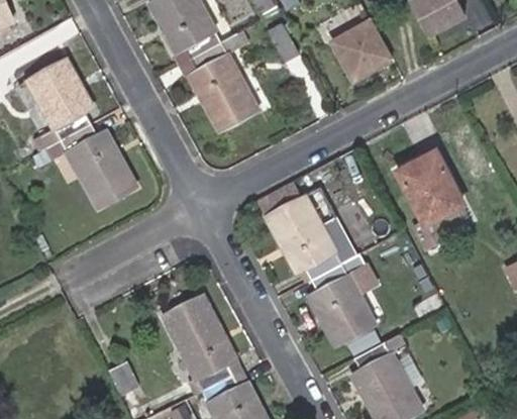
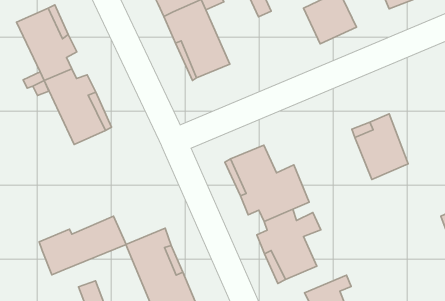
building: none -> [39,216,126,275]

